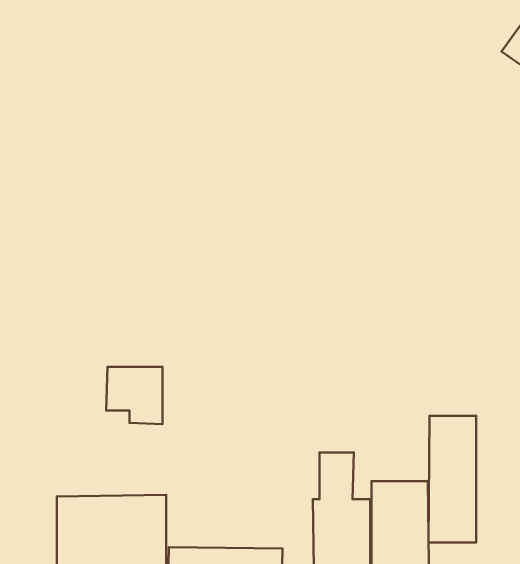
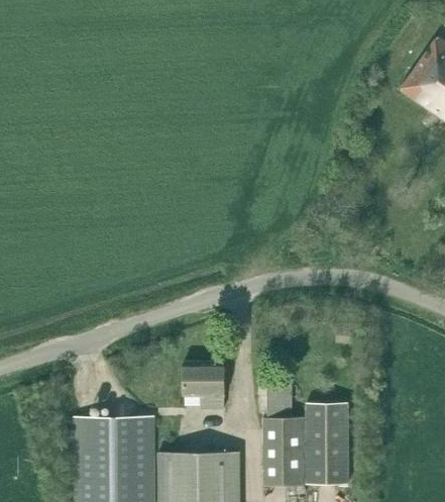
building: [106,367,162,424] -> [183,363,224,405]
building: [428,416,476,542] -> none

